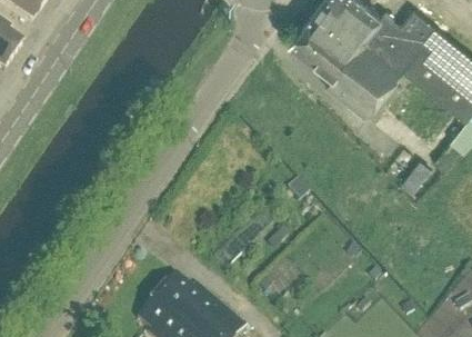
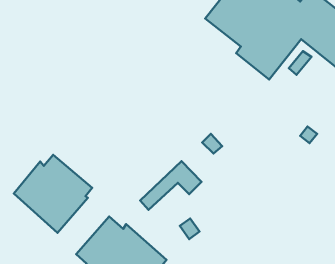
building: none -> [14,155,92,233]

